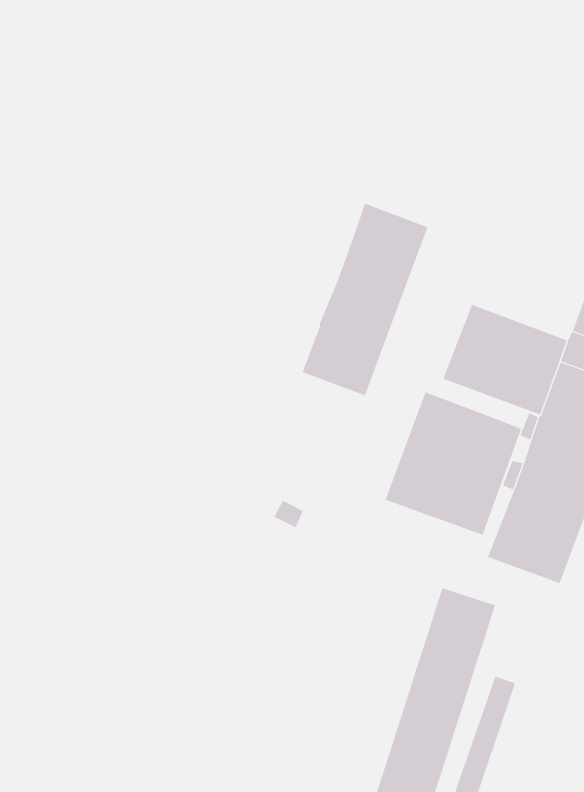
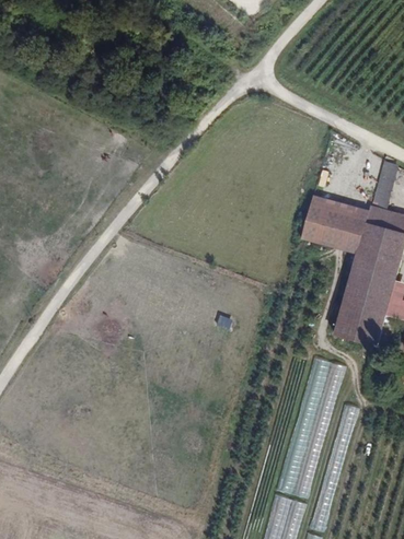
building: [302,203,428,396] -> none
building: [385,392,522,535] -> none

